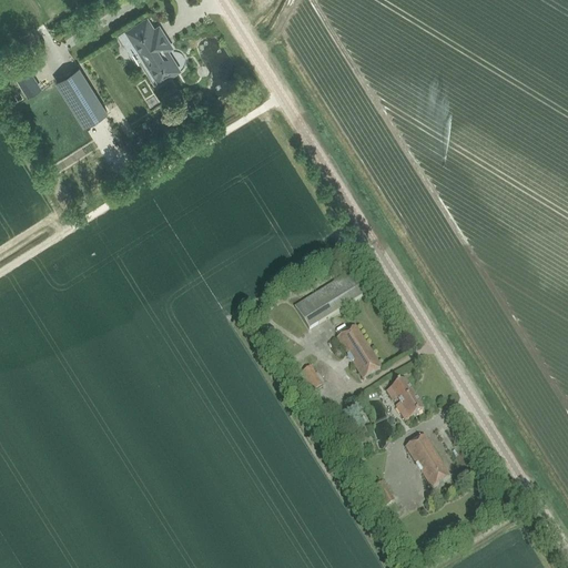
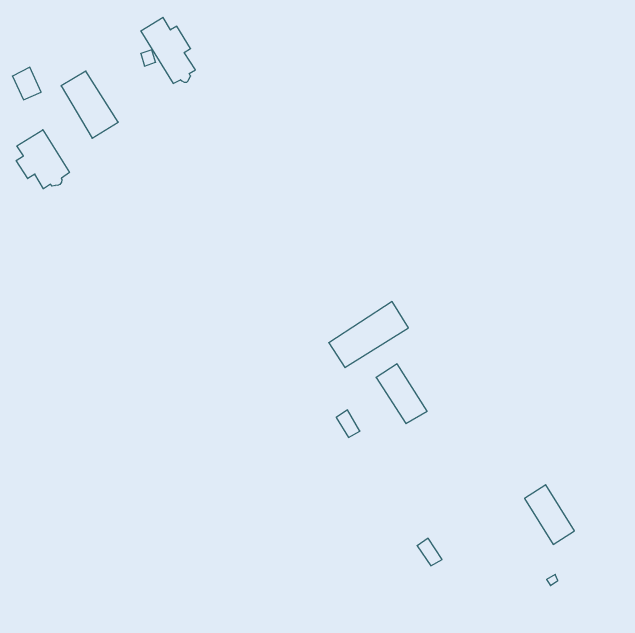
building: none -> [16,130,69,189]
building: [385,377,423,418] -> none
building: [405,433,449,486] -> [525,485,574,544]

